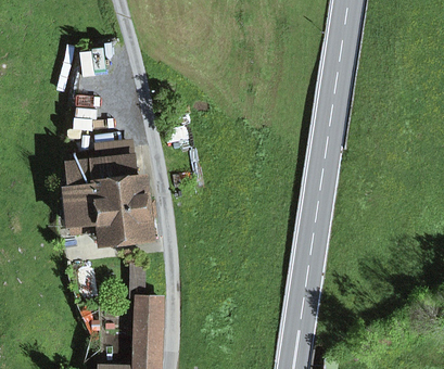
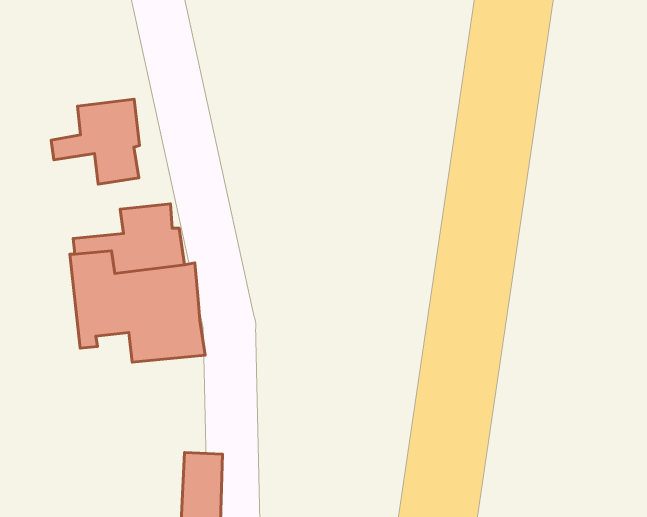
building: none -> [51,99,139,184]

